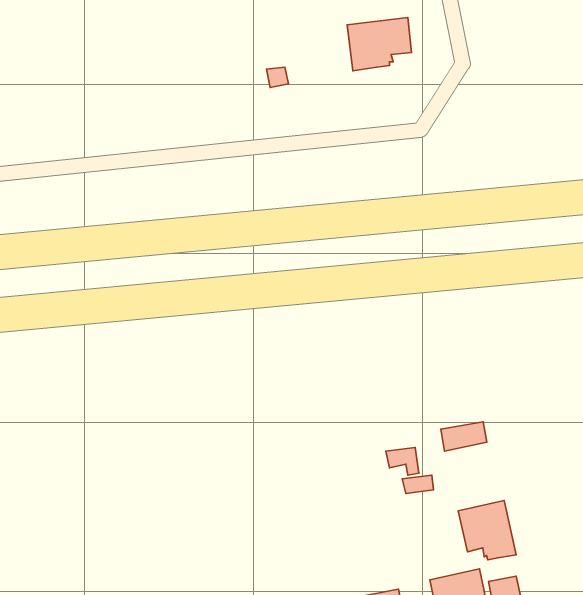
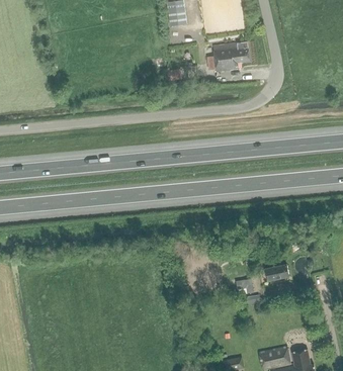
building: [458,500,516,560] -> none

